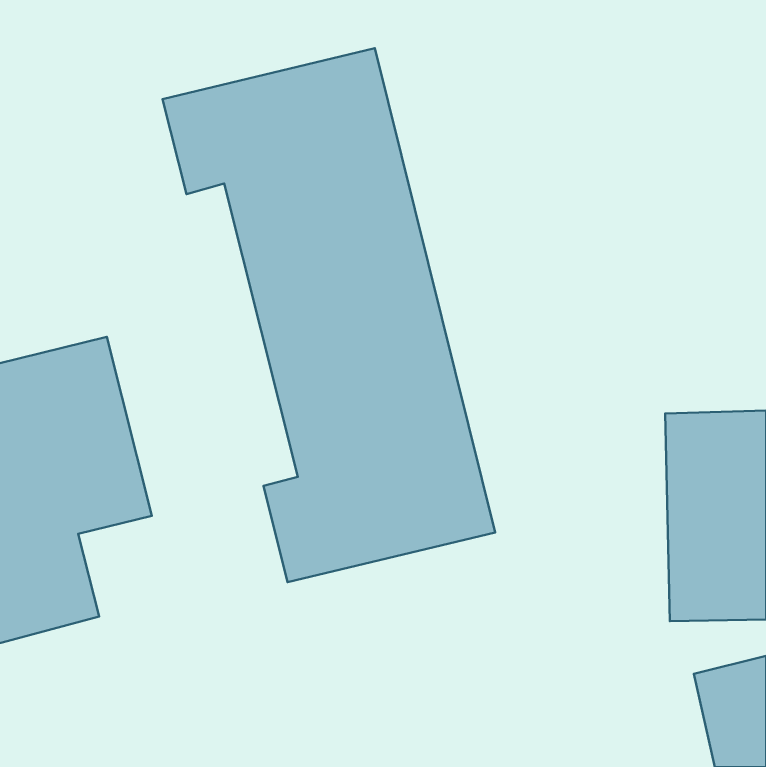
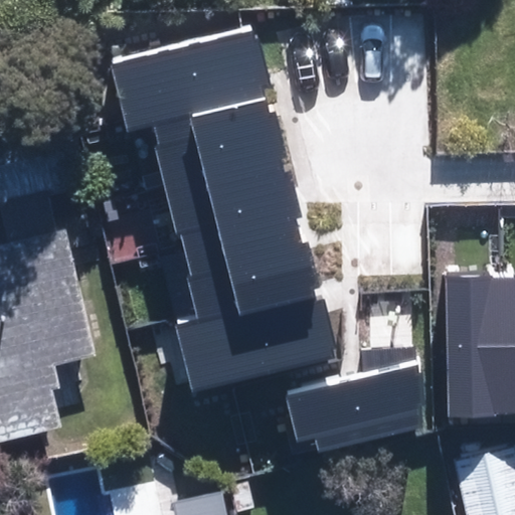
building: none -> [288,367,418,449]

